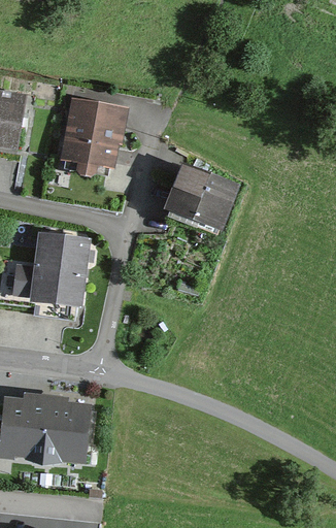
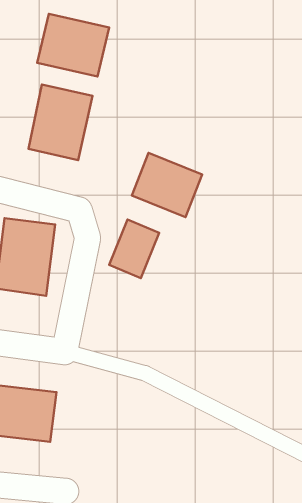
building: none -> [37,14,109,77]
building: none -> [109,220,159,278]

